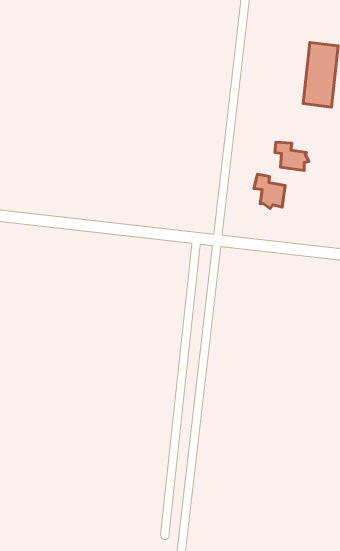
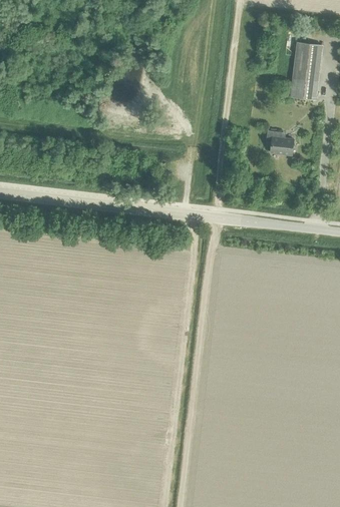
building: [254,174,285,209] -> none

